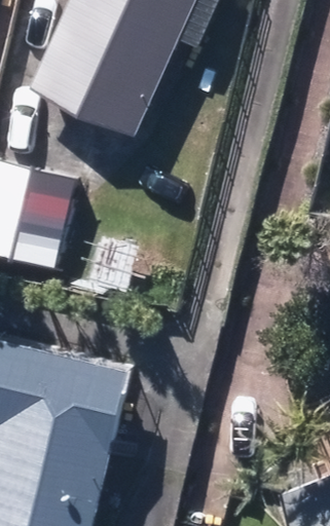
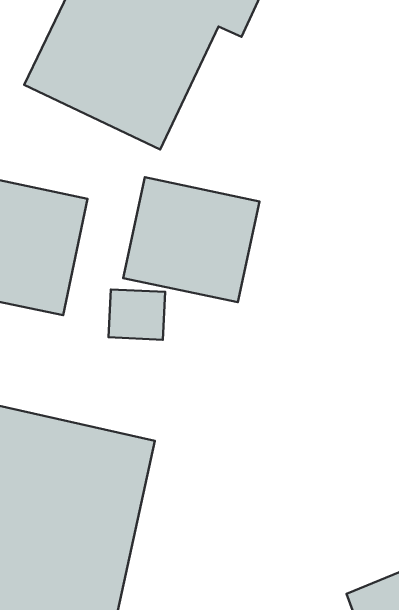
building: none -> [123,177,259,302]

